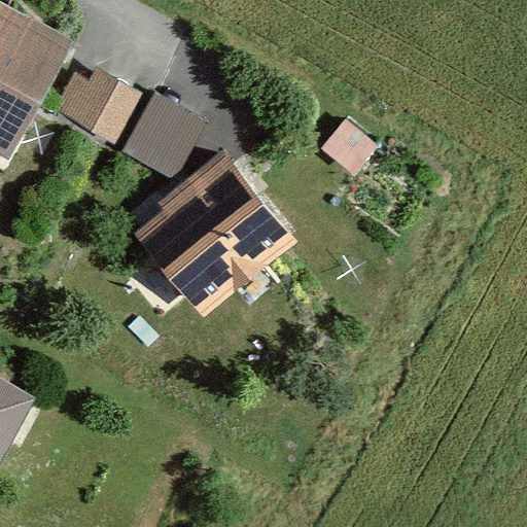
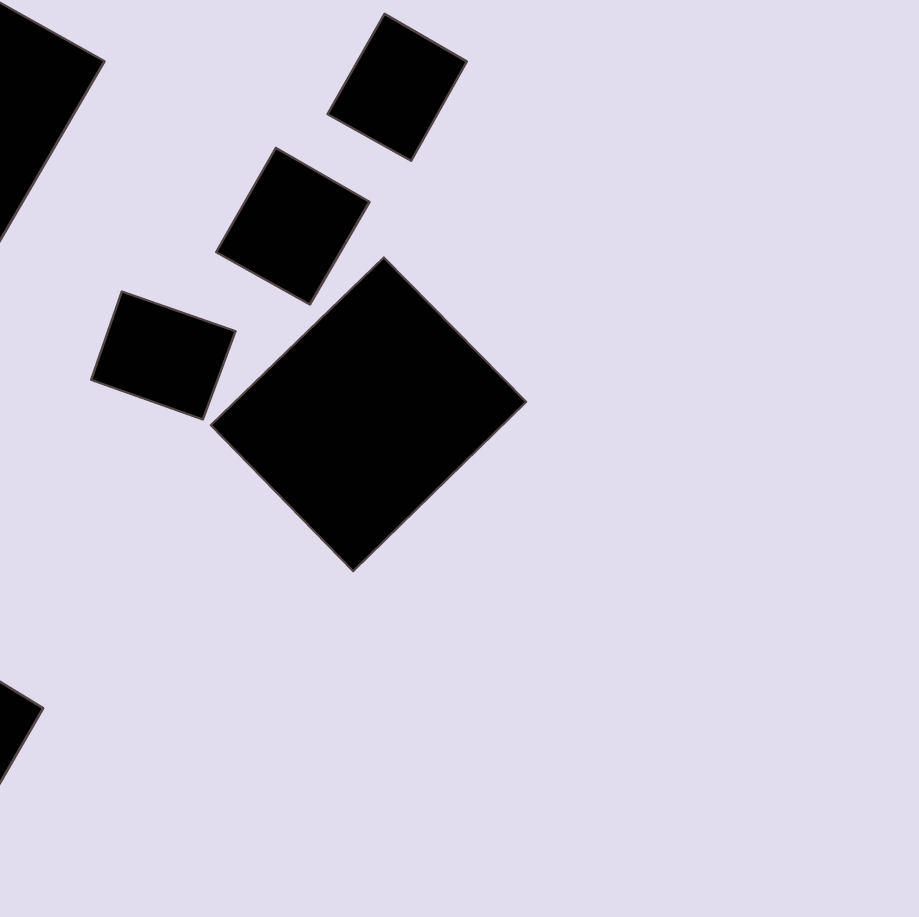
building: none -> [328,14,467,161]
building: [60,65,142,138] -> [91,292,235,419]

